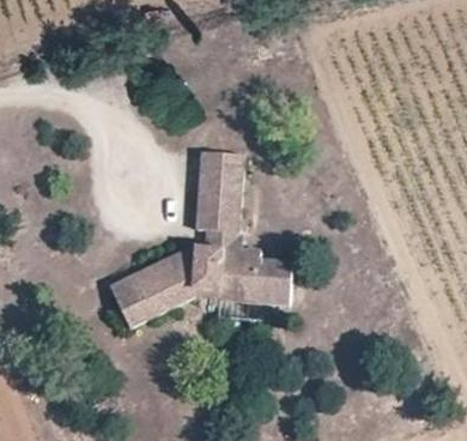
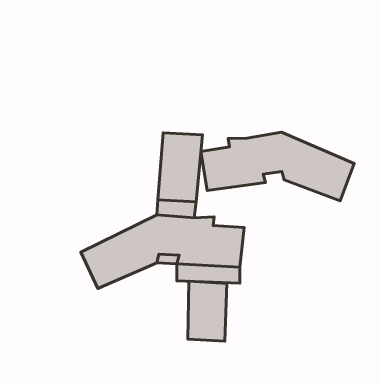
building: none -> [201,132,354,201]
building: none -> [188,281,227,341]

